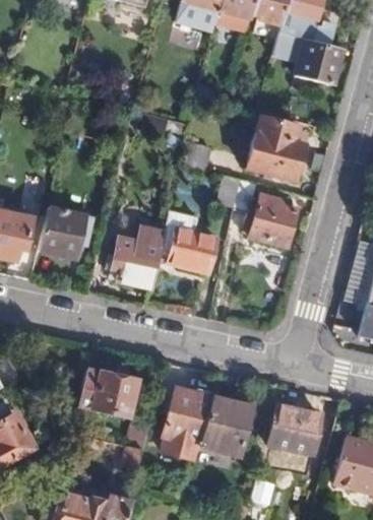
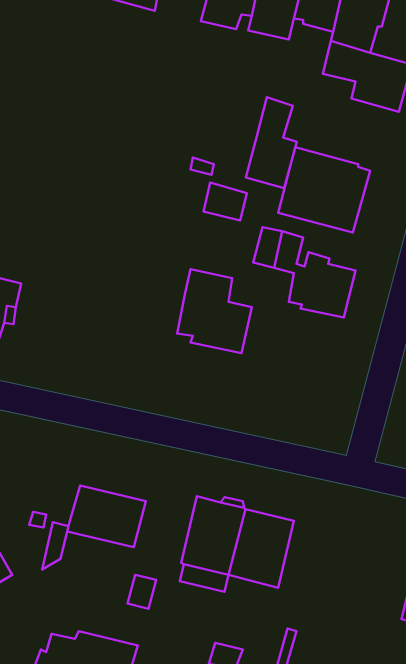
building: none -> [246,97,297,188]
building: [40,209,91,260] -> none
building: [113,222,167,289] -> none
building: [269,406,321,455] -> none

